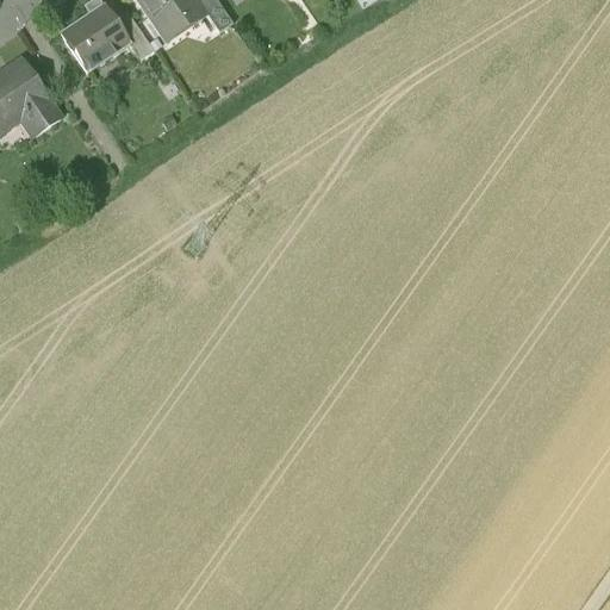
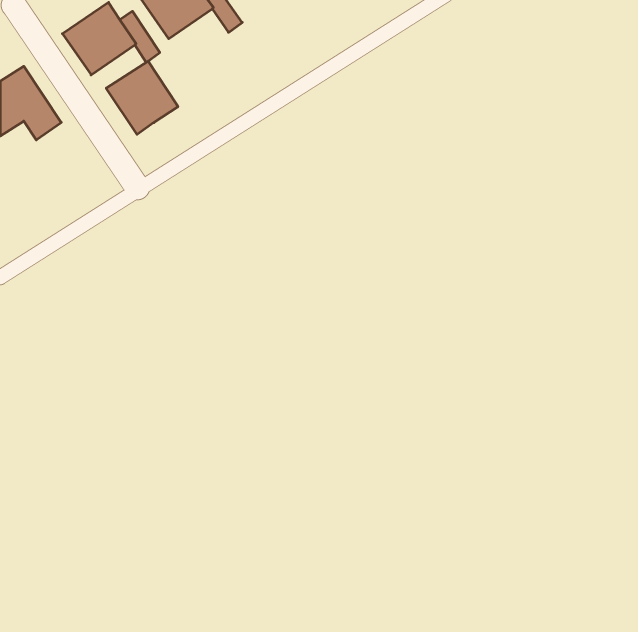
building: none -> [106,61,178,134]

